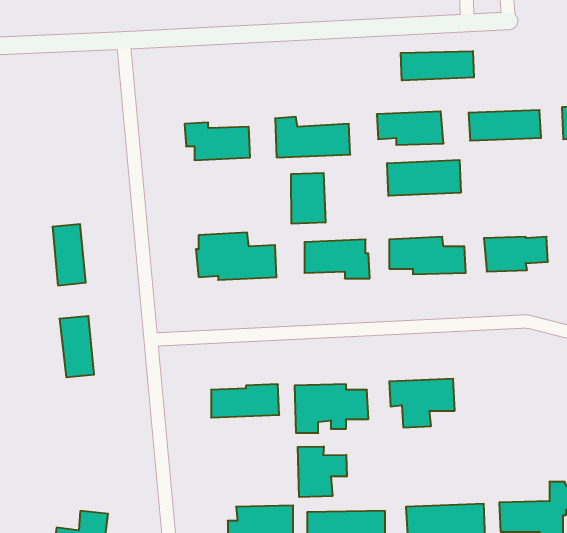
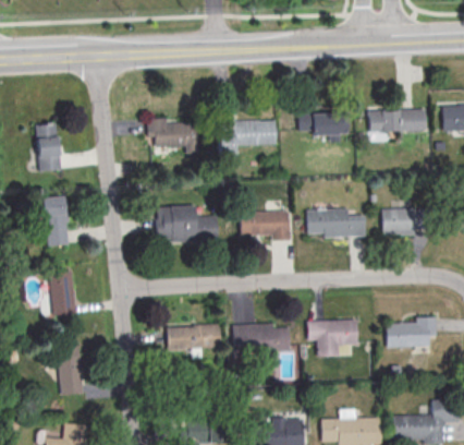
building: [401,51,474,81] -> none
building: none -> [35,124,62,172]
building: [387,160,461,196] -> none
building: [291,173,325,224] -> none
building: none -> [387,317,437,348]
building: none -> [57,346,84,395]
building: [298,446,347,497] -> none

